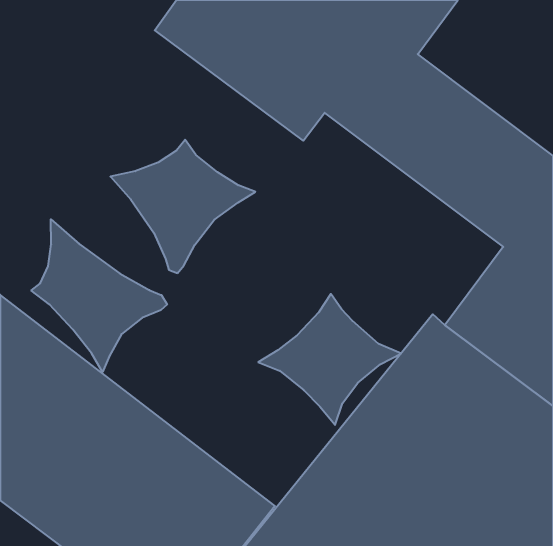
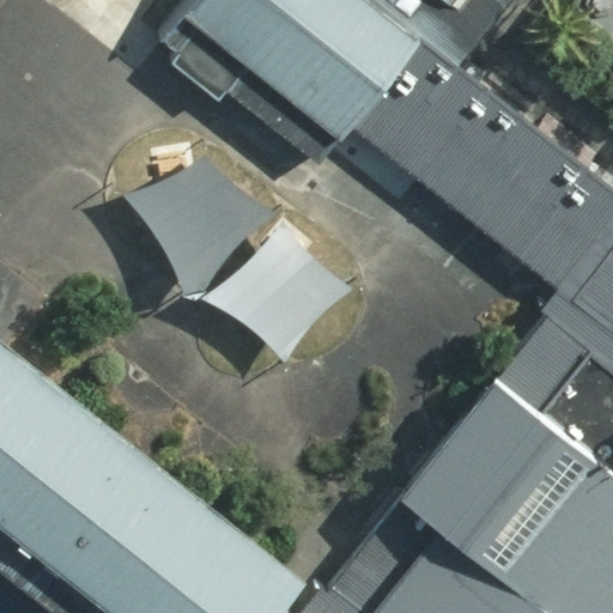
building: [31,219,167,372] -> none
building: [258,294,401,425] -> [202,231,360,376]

